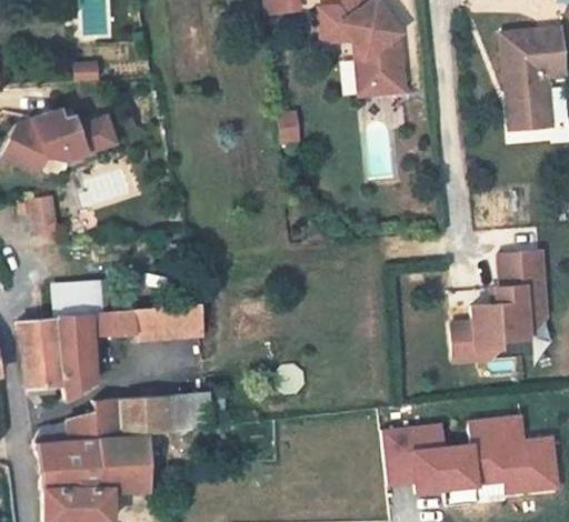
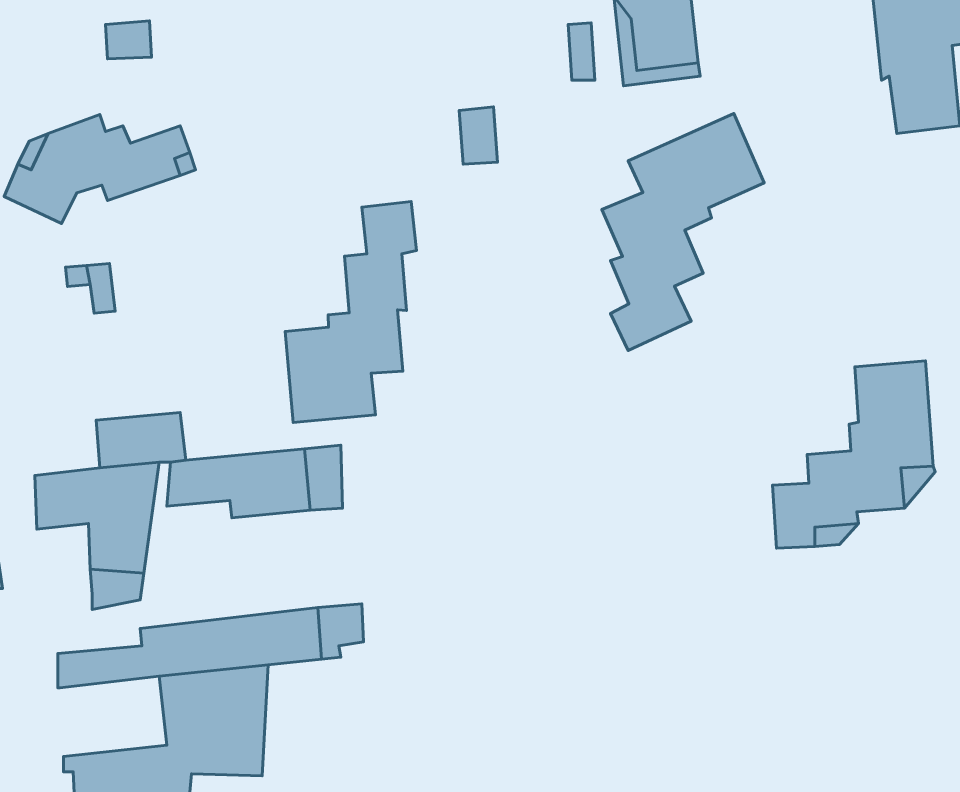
building: none -> [602,114,764,350]
building: none -> [285,202,416,422]
building: [23,350,56,393] -> none
building: [373,411,550,495] -> none
building: [34,439,99,485] -> none

